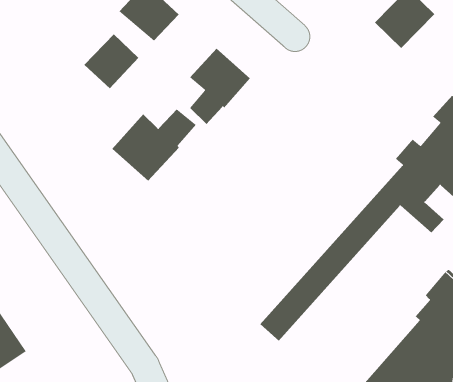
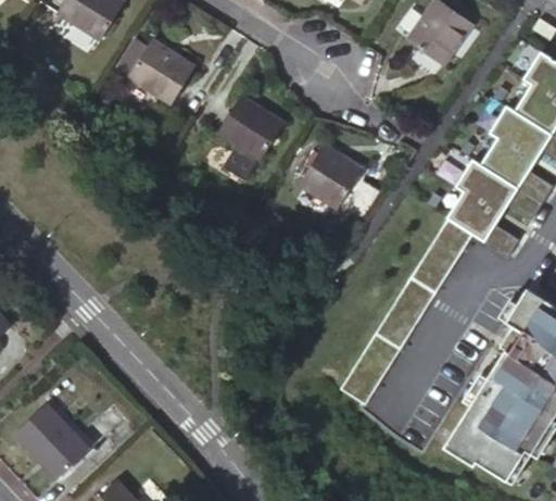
building: [84,33,139,89] -> none
building: none -> [300,145,359,204]
building: [112,108,197,182] -> none

